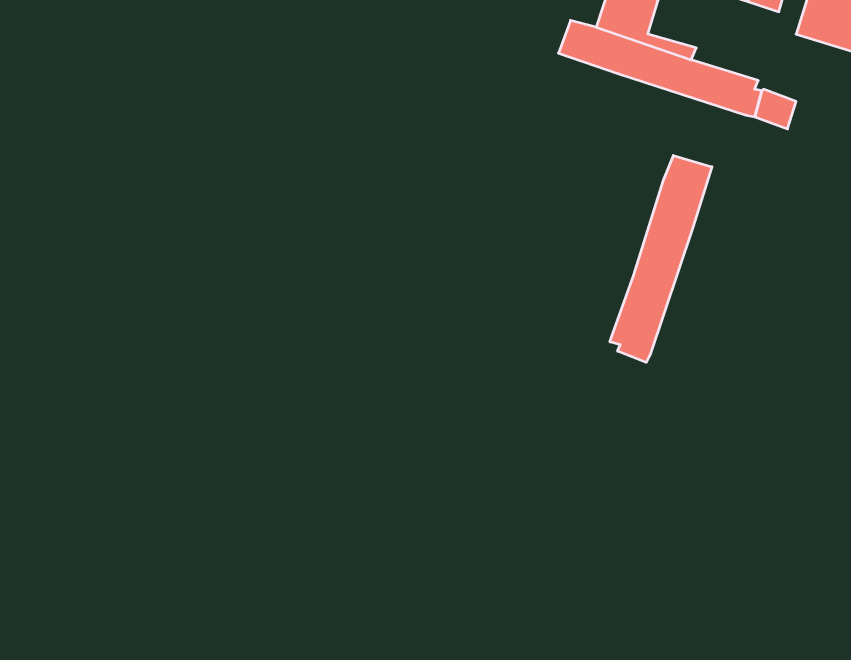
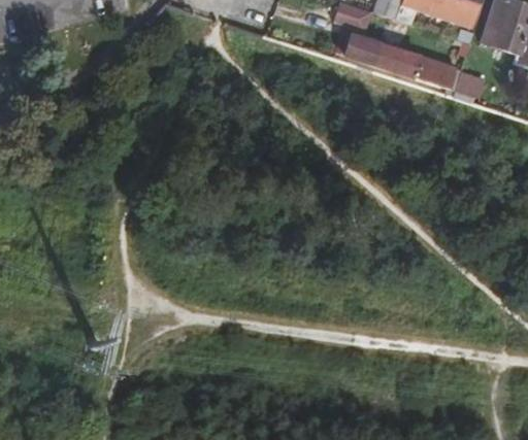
building: [610,155,712,362] -> none

